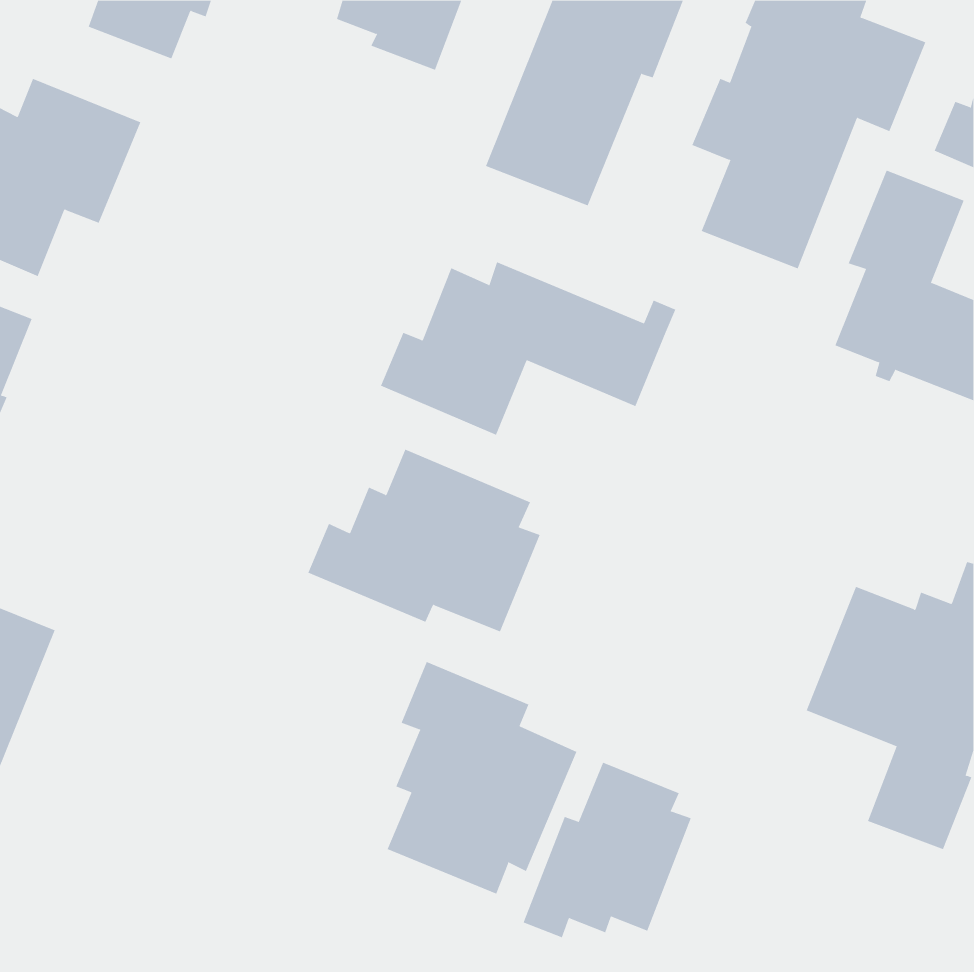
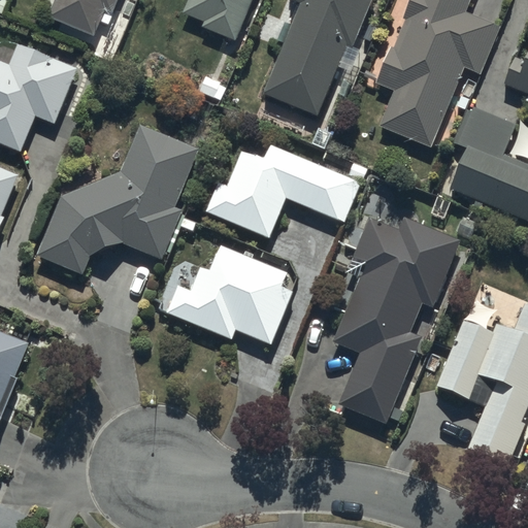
building: none -> [37,125,197,272]
building: none -> [333,217,459,422]
building: [387,661,577,895] -> none
building: [523,762,692,938] -> none

